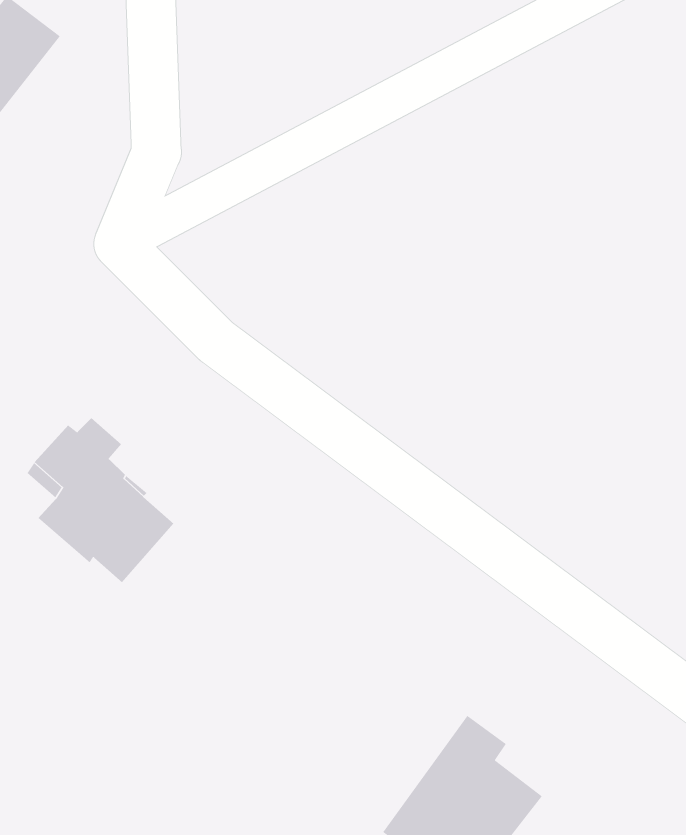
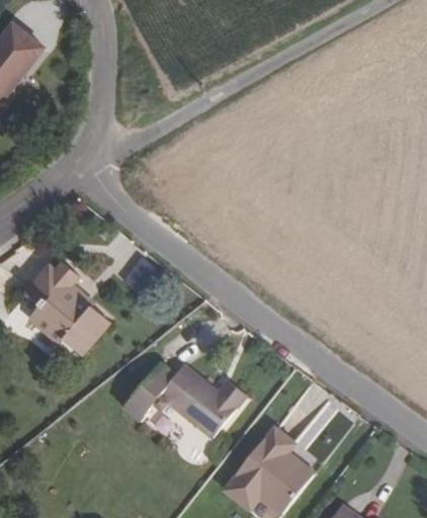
building: none -> [122,362,246,437]

